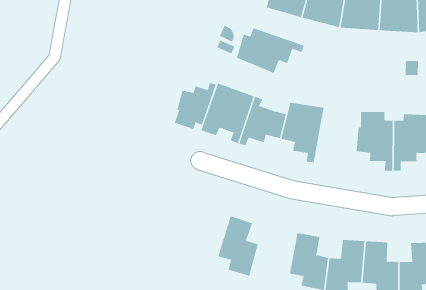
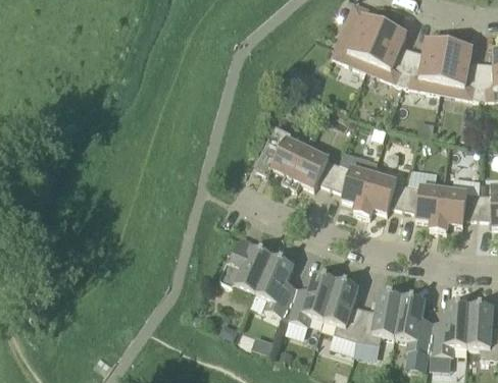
building: [236,27,304,74] -> none
building: [174,82,217,130] -> none
building: none -> [362,167,409,217]
building: none -> [220,236,273,294]
building: none -> [286,273,337,325]

